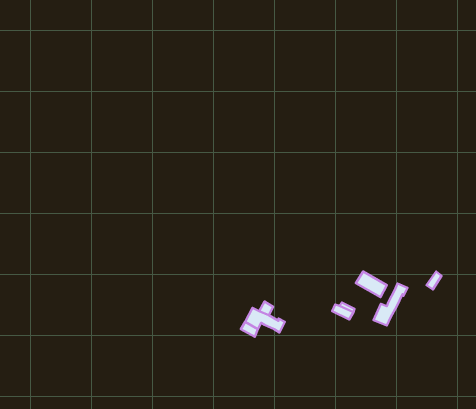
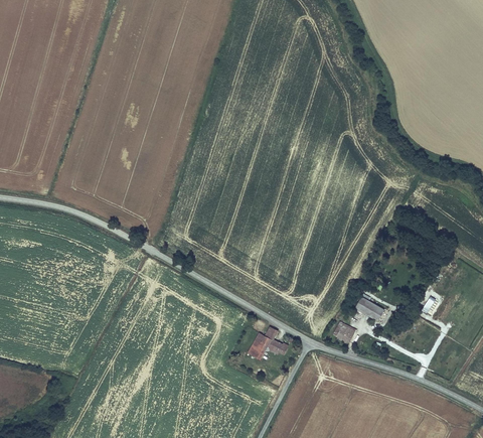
building: [374,284,407,325] -> none

